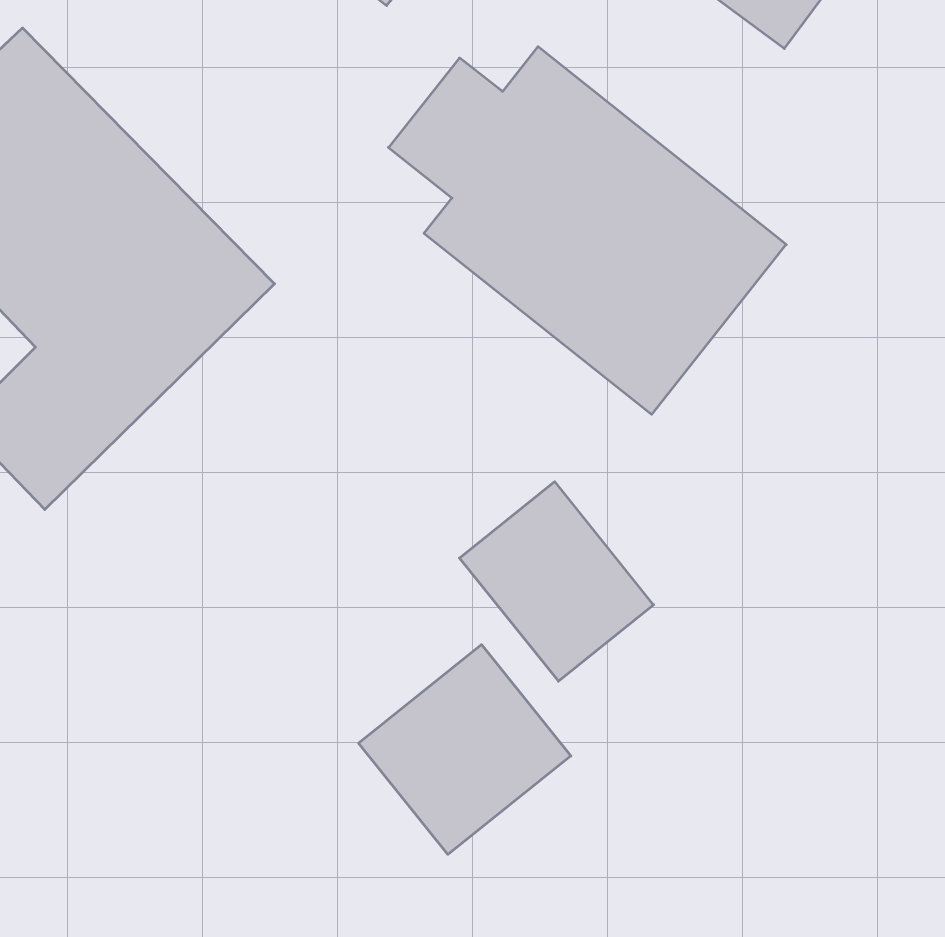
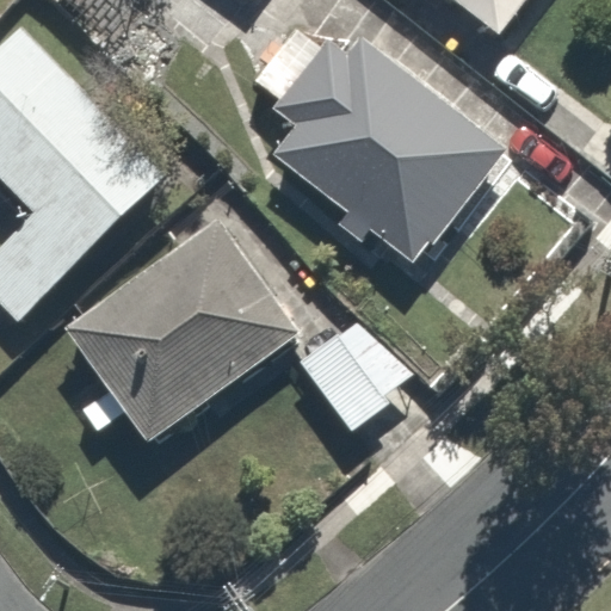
building: none -> [64,218,298,440]
building: [359,645,571,854] -> none

